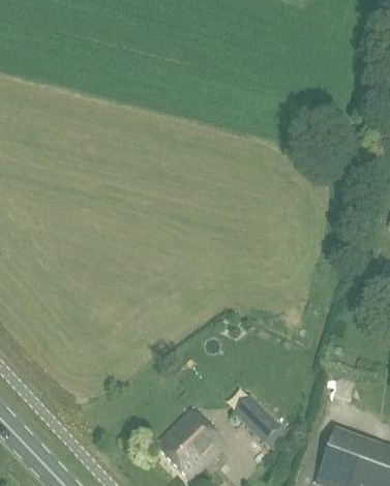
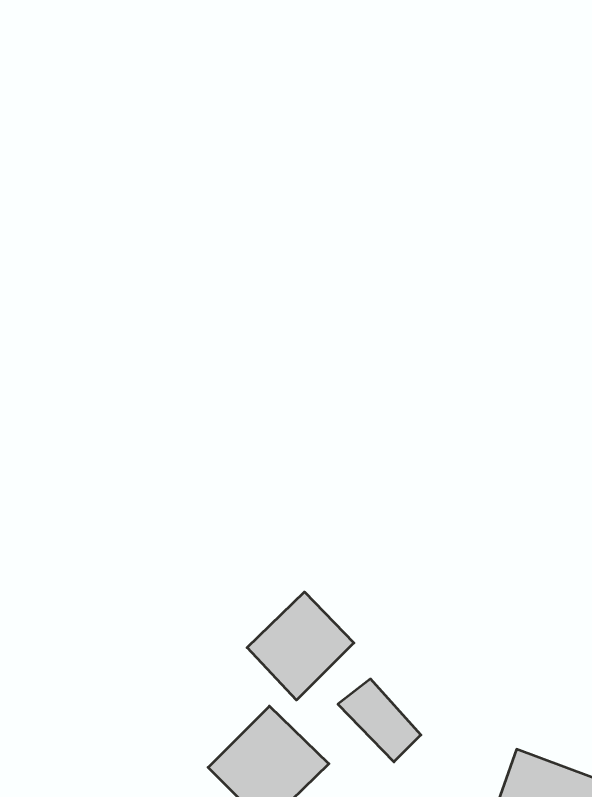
building: none -> [247,592,354,700]

